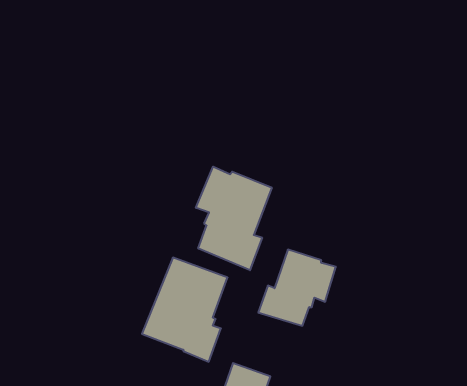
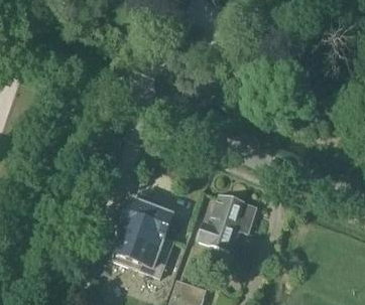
building: [196,167,272,270] -> none

